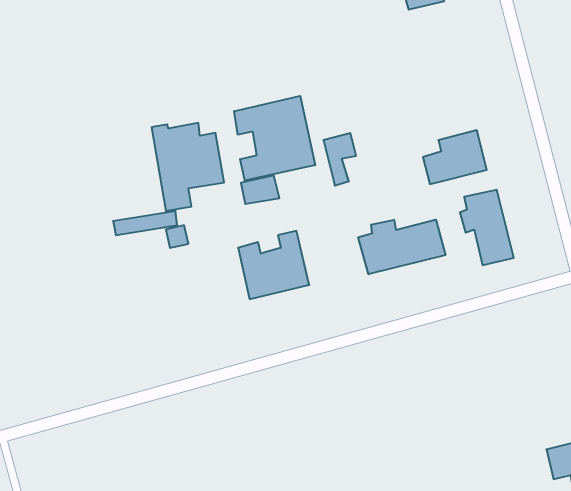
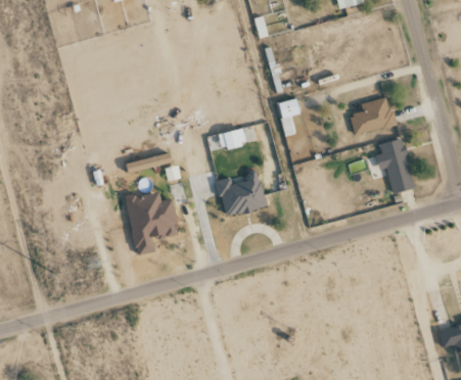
building: [234,96,315,180] -> none
building: [152,123,224,211] -> [127,192,179,255]
building: [358,220,445,274] -> none

